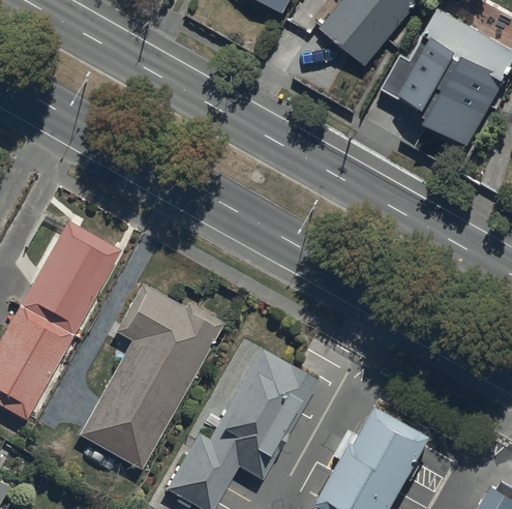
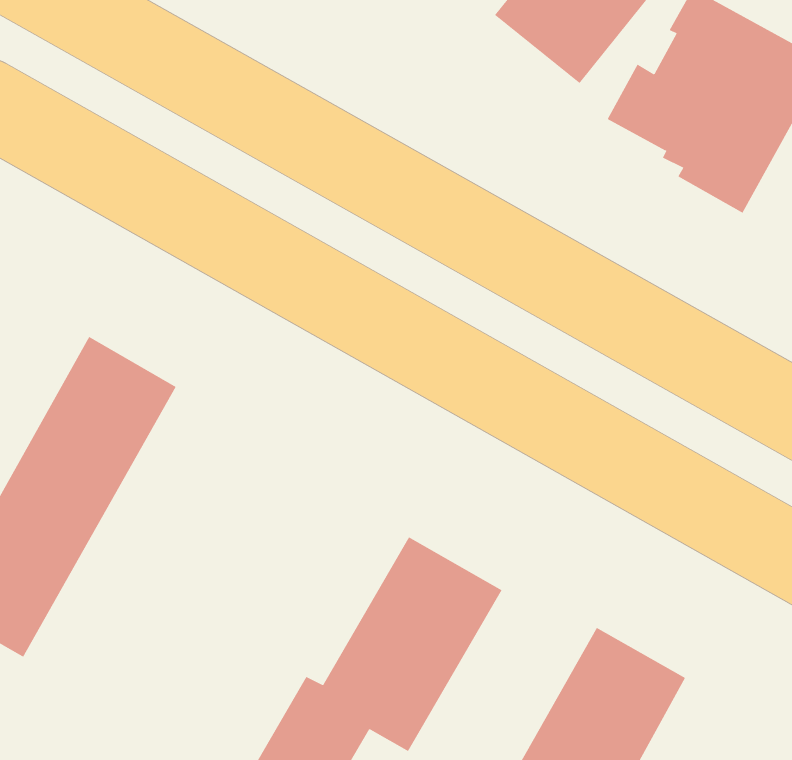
building: [79,286,221,471] -> none

